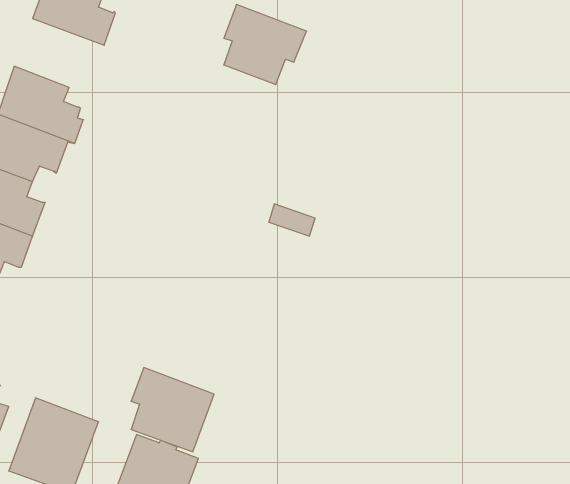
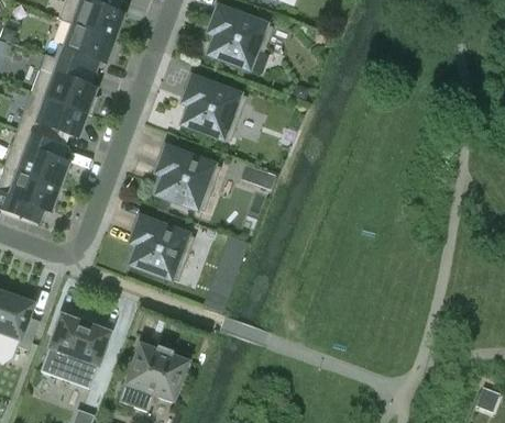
building: none -> [44,16,114,70]
building: none -> [182,76,246,141]
building: none -> [155,146,221,211]
building: [131,368,214,452] -> [130,215,195,281]

